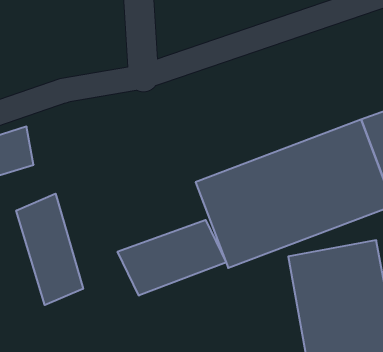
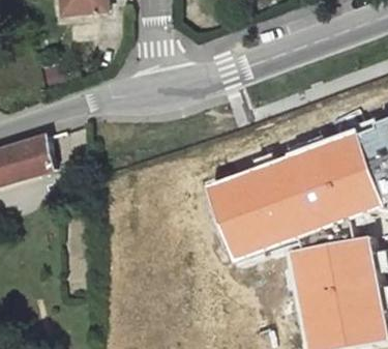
building: [16,194,83,305] -> none
building: [118,220,226,296] -> none

